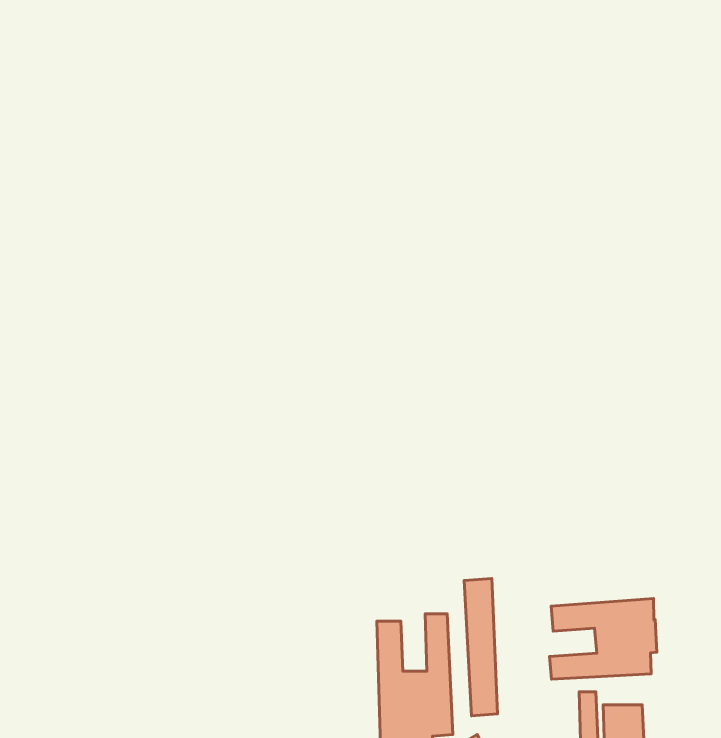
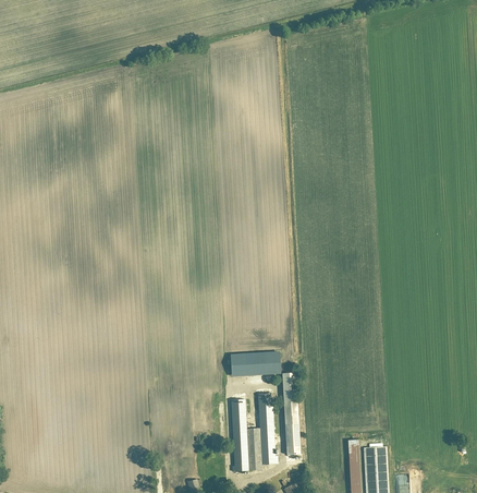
building: none -> [228,352,278,374]
building: [549,599,657,679] -> none

